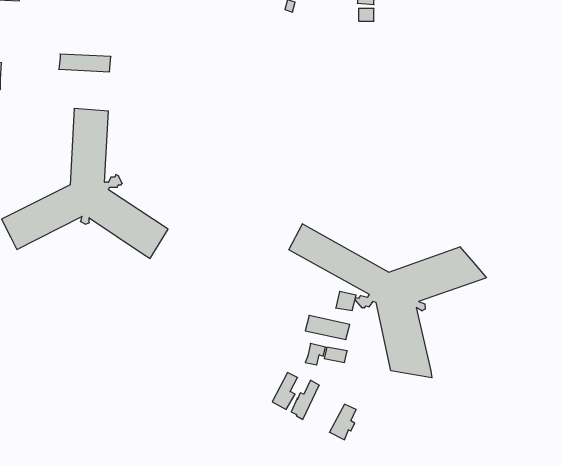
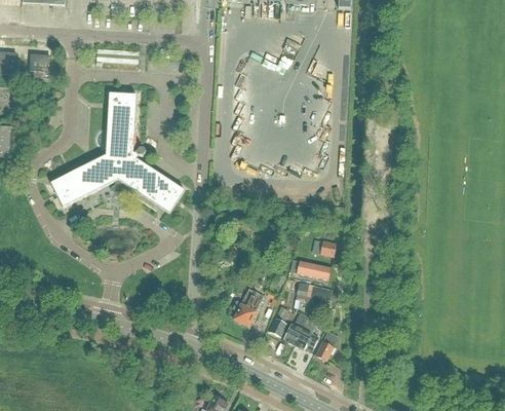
building: [289,224,486,378] -> none
building: none -> [232,290,262,325]
building: none -> [293,315,317,347]

